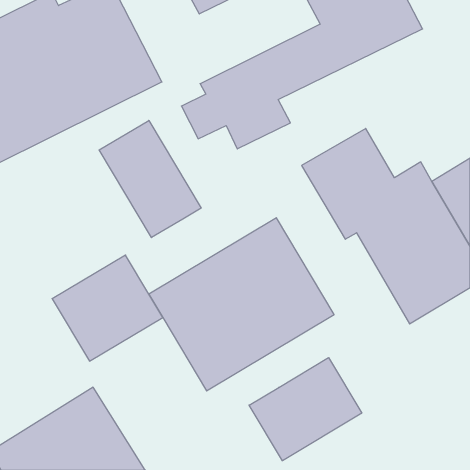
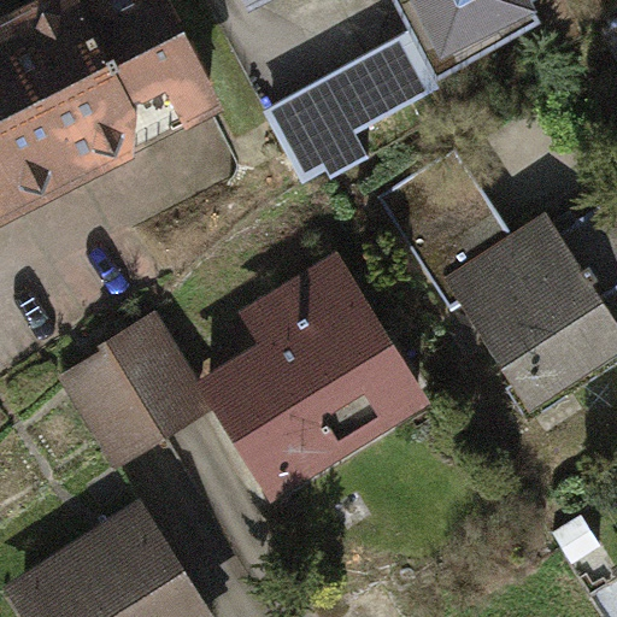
building: [99,120,201,238] -> none
building: [249,358,362,461] -> none

